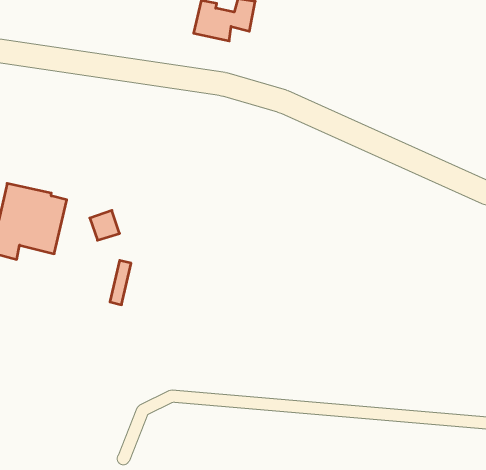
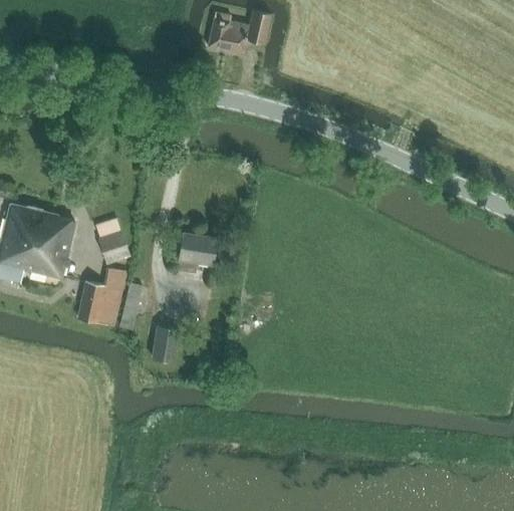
building: none -> [176,232,219,274]
building: none -> [77,268,126,326]
building: none -> [152,327,179,362]

